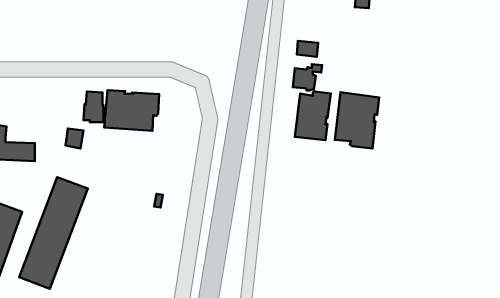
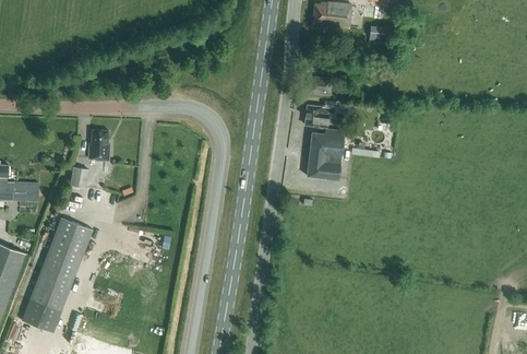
building: [104,90,159,131] -> none
building: [335,92,379,148] -> none

